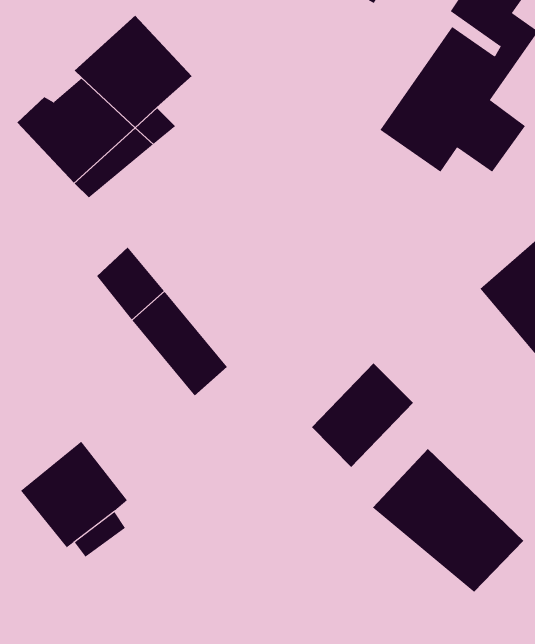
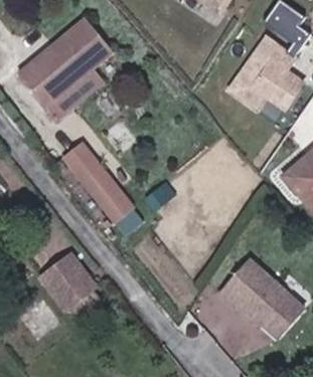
building: [311,362,414,468] -> none

